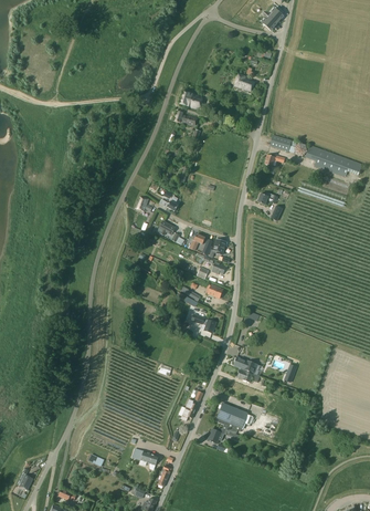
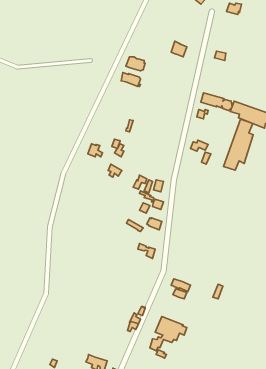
building: none -> [224,119,253,170]

